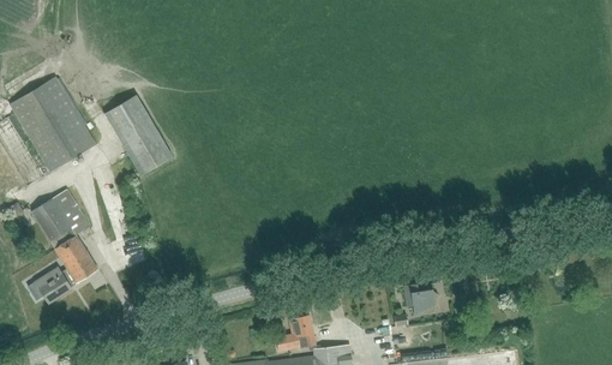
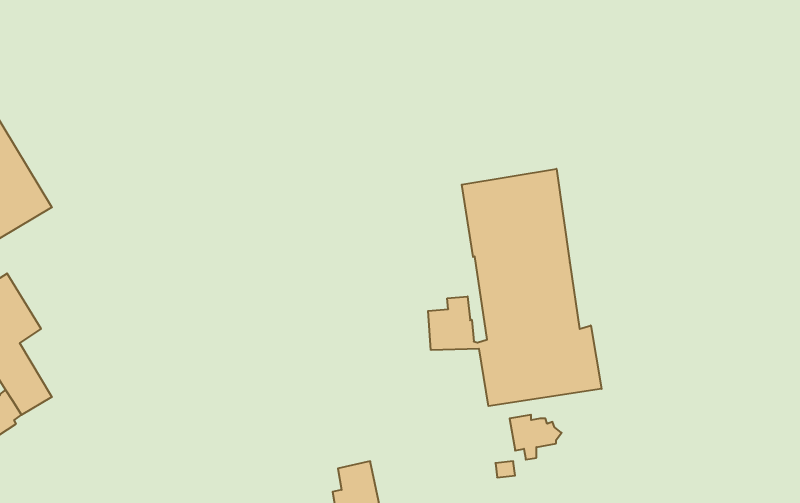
building: [102,95,170,175] -> none
building: none -> [428,169,602,406]

